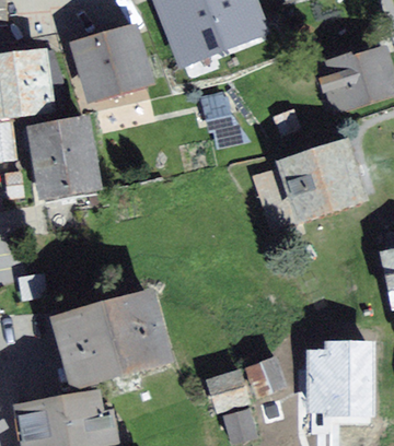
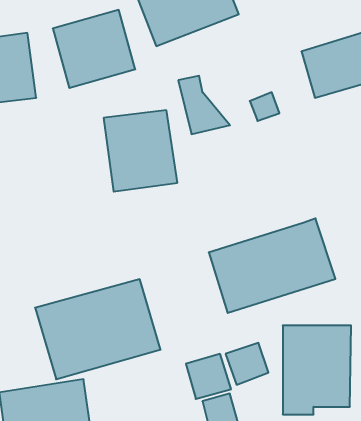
building: [28,118,102,199] -> [104,110,177,192]
building: [243,140,369,234] -> [209,218,335,313]

